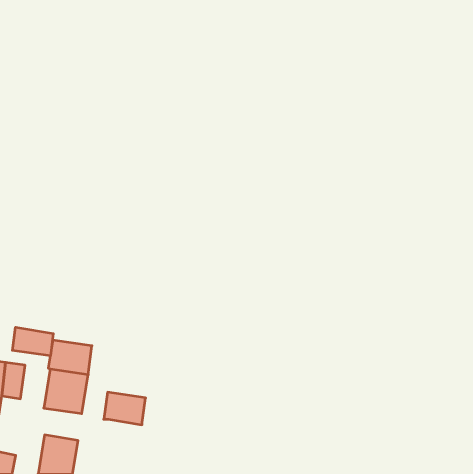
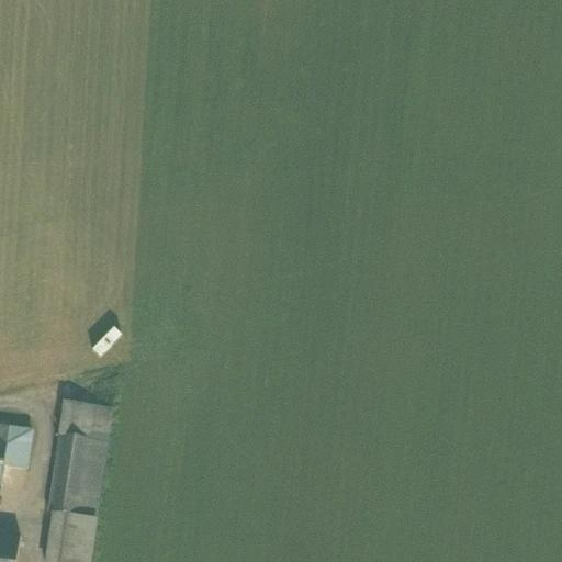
building: [12,327,53,356] -> none
building: [104,392,146,425] -> [47,482,97,520]

